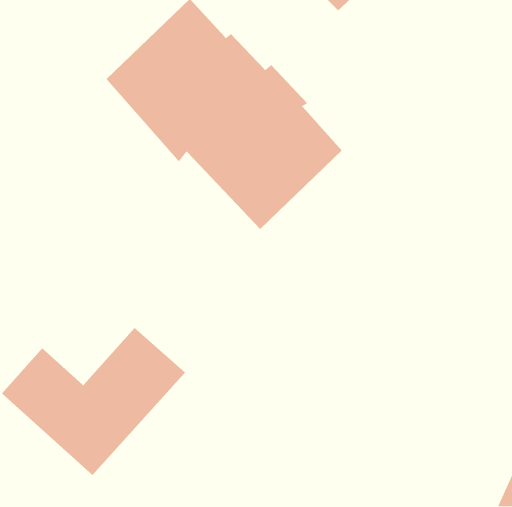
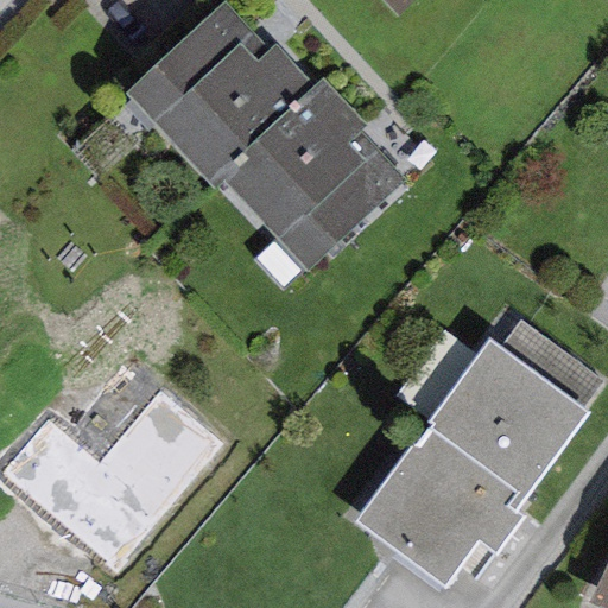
building: none -> [356,340,587,585]

